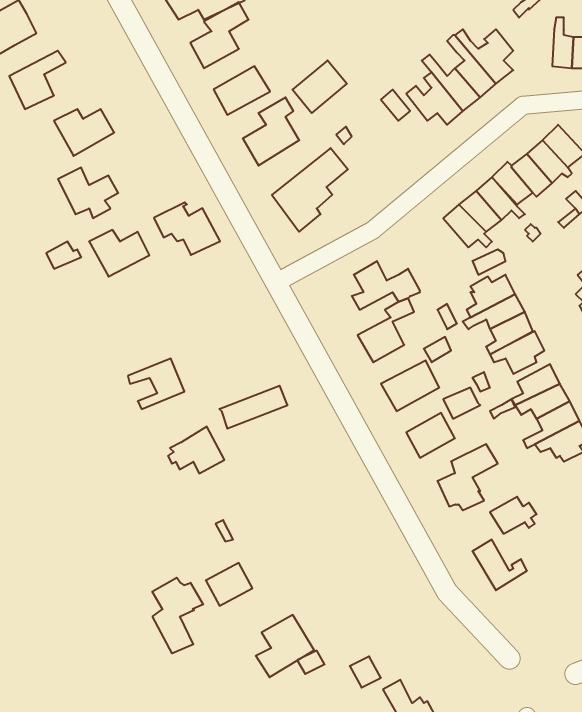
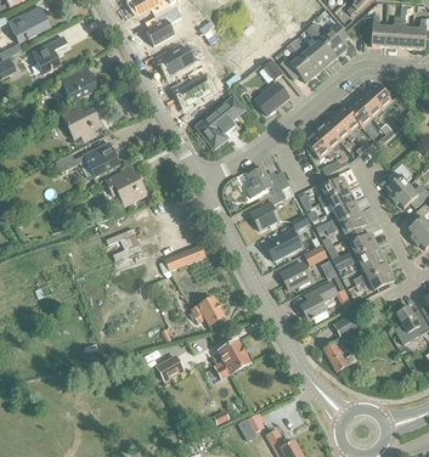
building: [292,60,347,113] -> [254,81,288,114]
building: [154,202,220,255] -> [105,169,146,202]
building: [168,427,224,473] -> [188,295,224,325]
building: [152,578,203,653] -> none
building: [256,615,314,677] -> [214,339,250,378]

